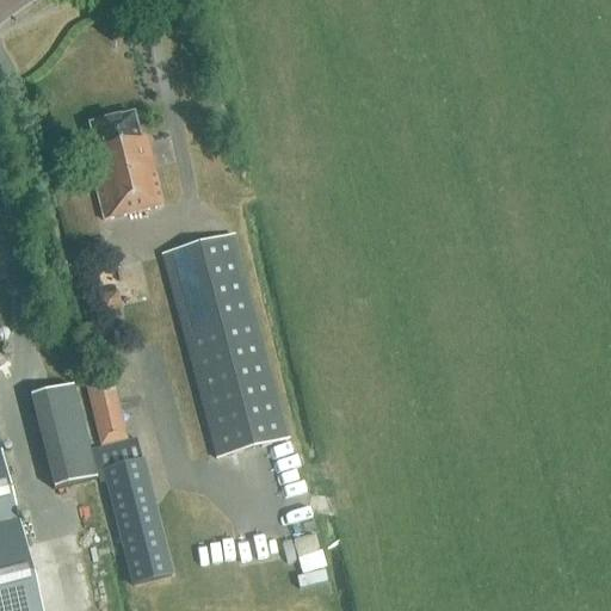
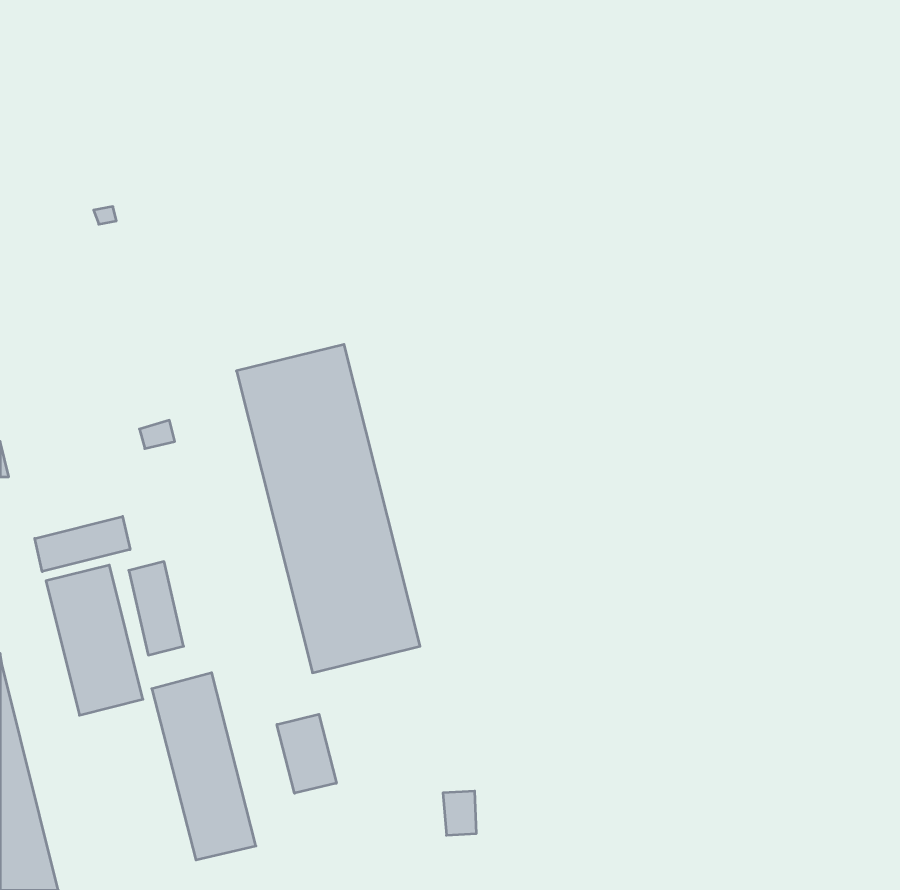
building: [86,109,162,216] -> none
building: none -> [35,516,130,572]
building: none -> [277,714,336,793]

